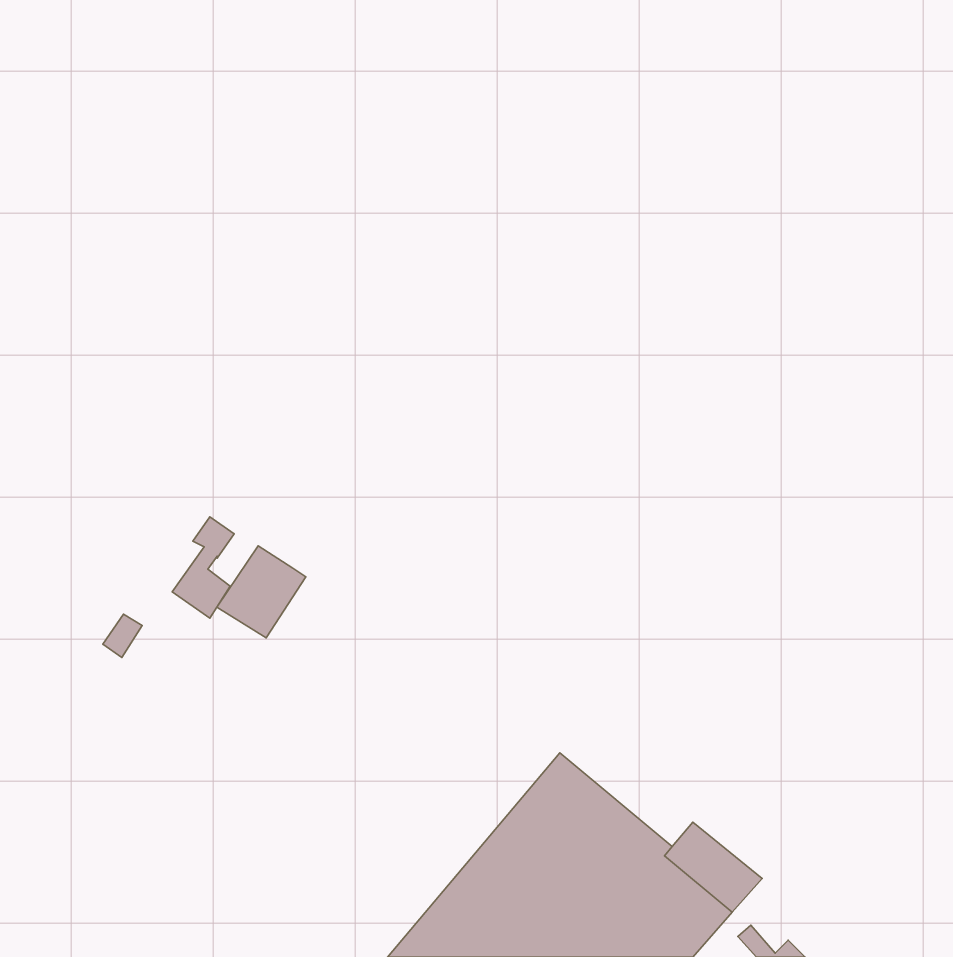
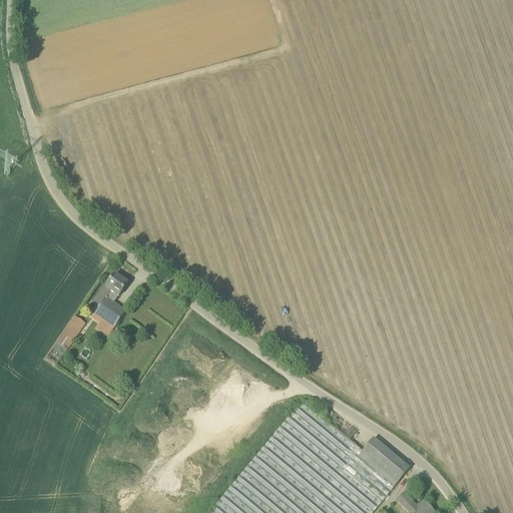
building: [217,546,306,638] -> none

